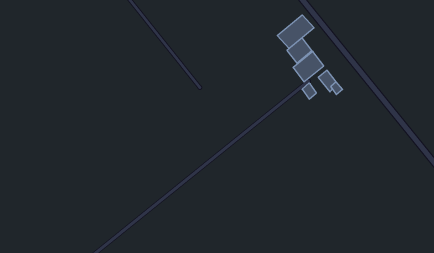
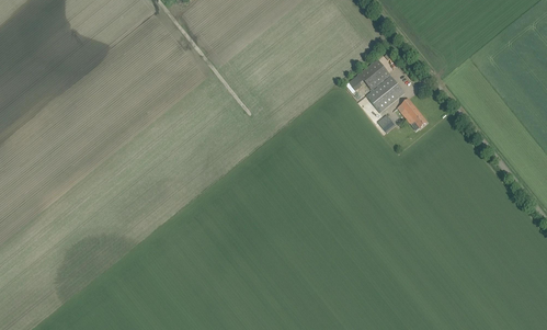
building: [277,15,314,49] -> none

